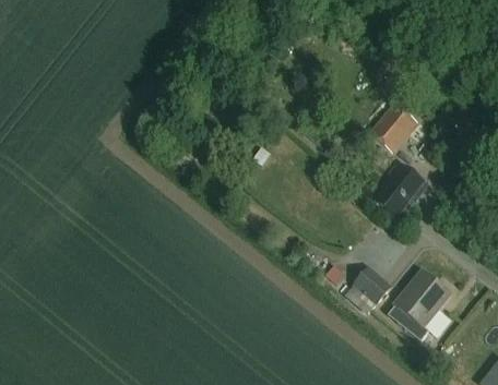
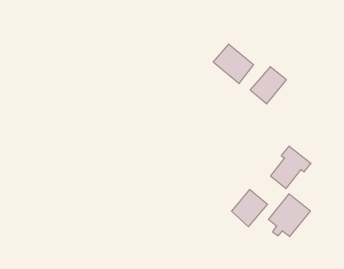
building: none -> [213,44,254,84]
building: [376,160,429,216] -> [271,146,311,188]

